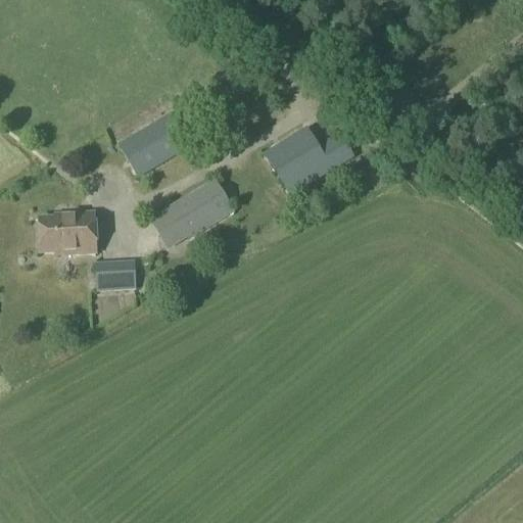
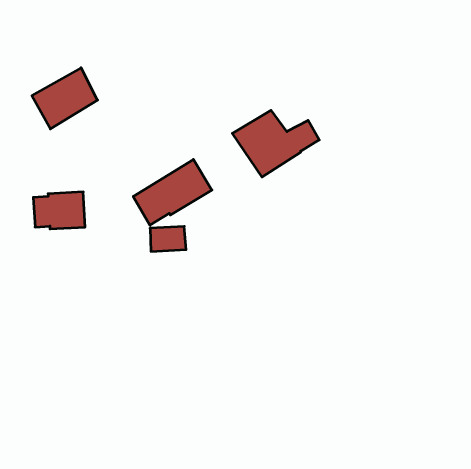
building: [117,109,190,177] -> [32,68,98,129]
building: [96,260,136,288] -> [150,226,186,251]

